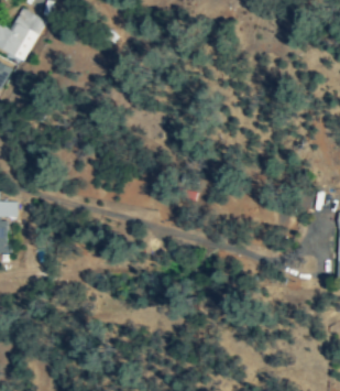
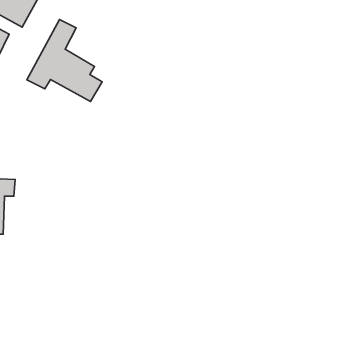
building: none -> [27,19,102,101]

